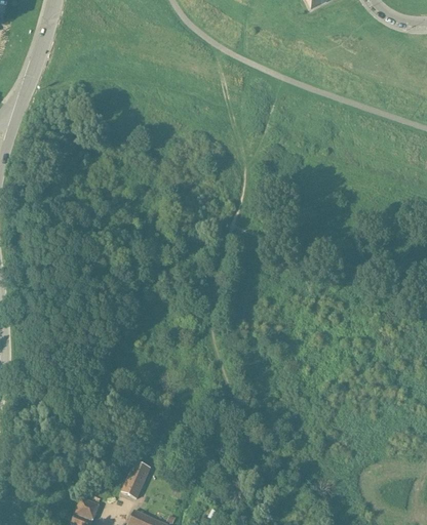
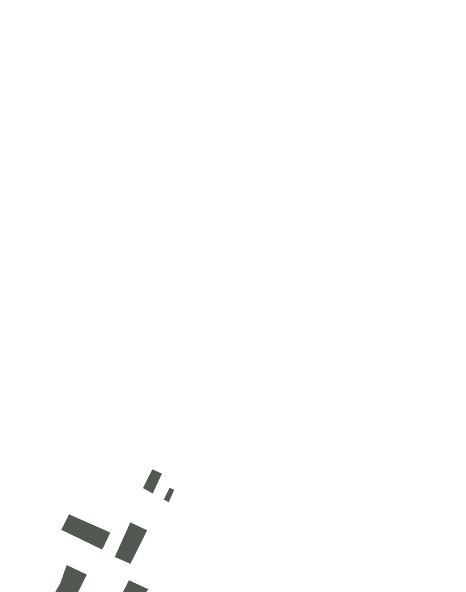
building: none -> [60,514,111,550]

